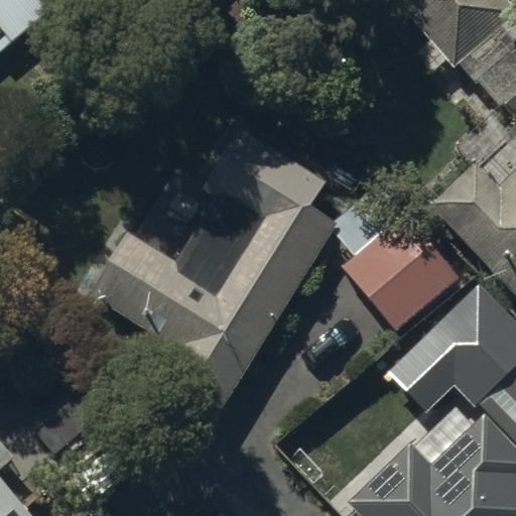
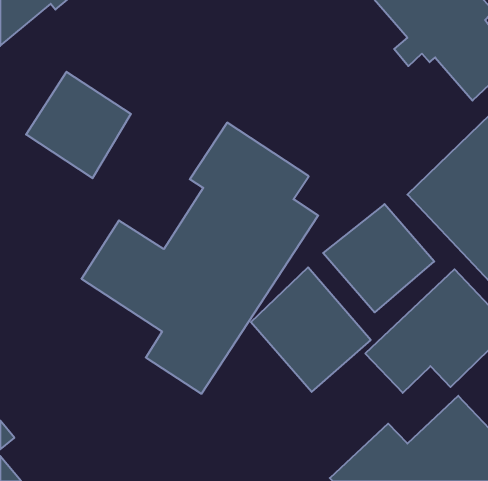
building: none -> [26,72,131,178]
building: none -> [251,267,371,392]

